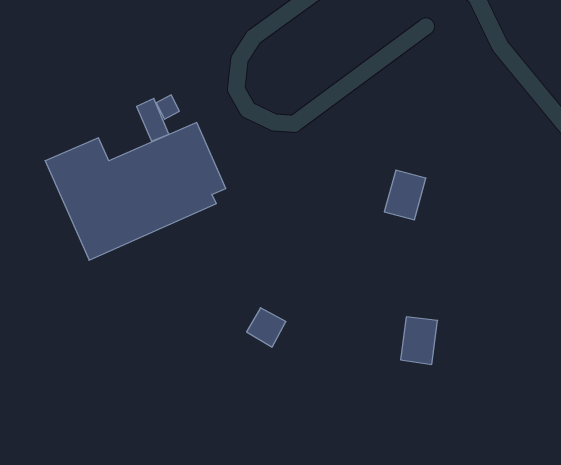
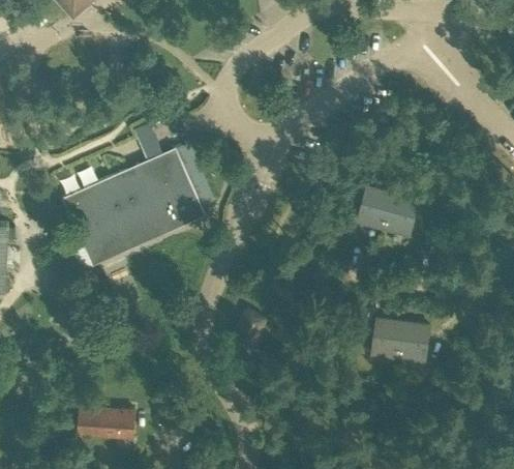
building: none -> [382,194,419,238]
building: none -> [397,321,429,364]
building: none -> [75,407,133,440]

